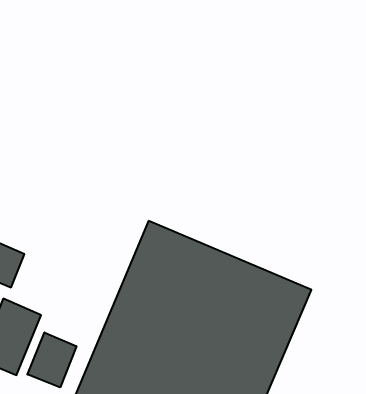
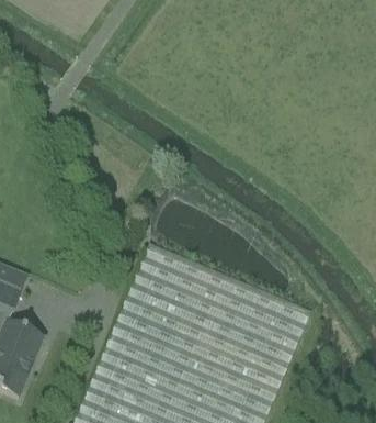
building: [27,332,76,387] -> none

